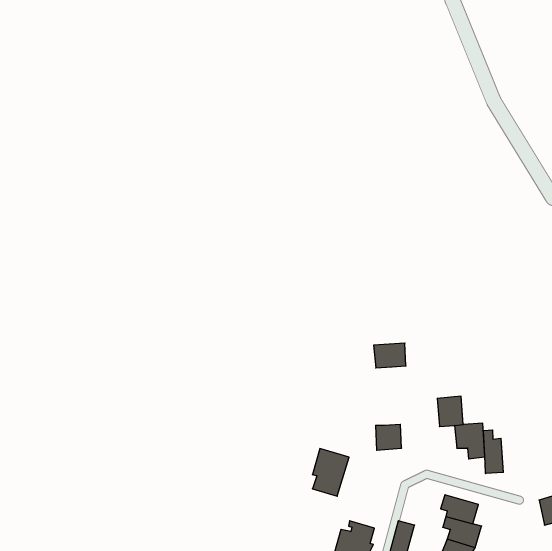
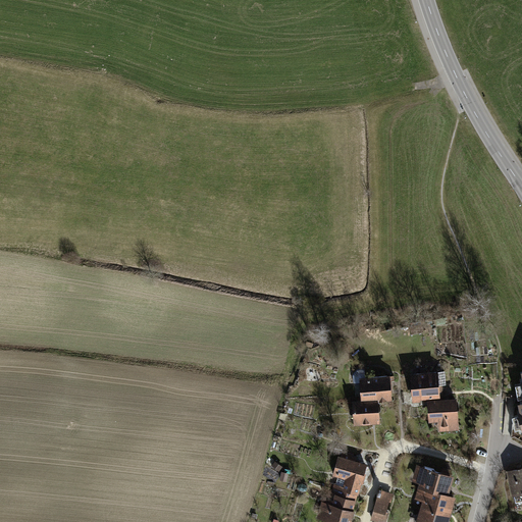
building: [374,343,406,368] -> [361,379,392,403]
building: [484,430,503,474] -> none
building: [312,449,349,496] -> [330,455,365,500]

